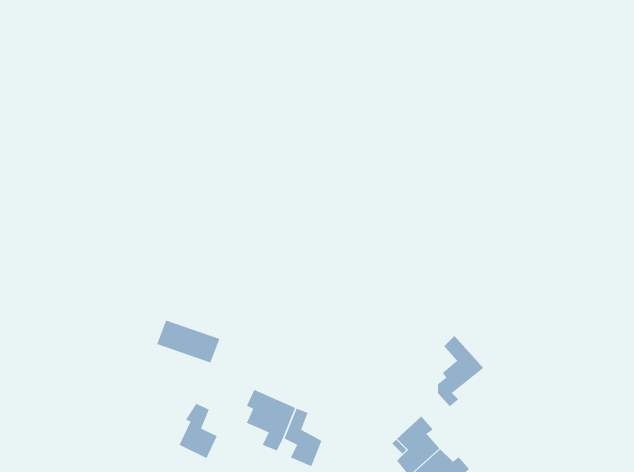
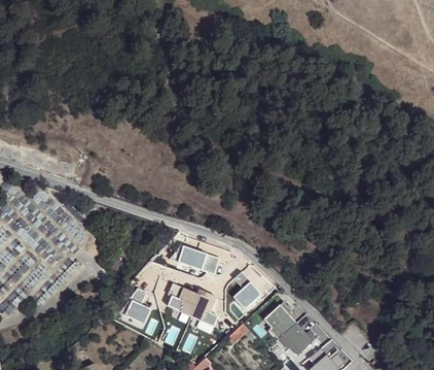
building: [156,320,220,363] -> [178,245,220,274]
building: [437,335,484,407] -> [230,271,261,318]

